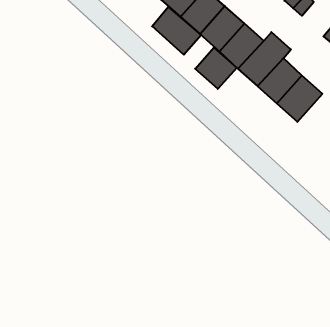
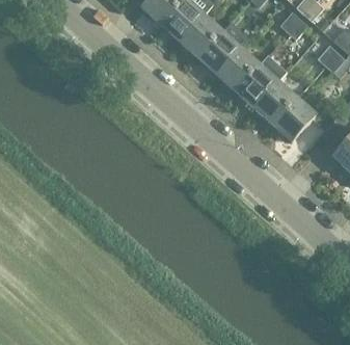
building: [152,7,201,55] -> none
building: [195,48,237,89] -> none

